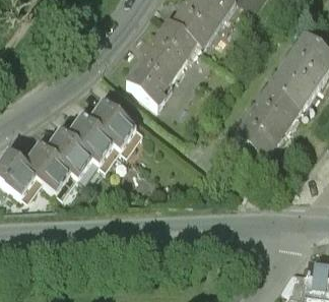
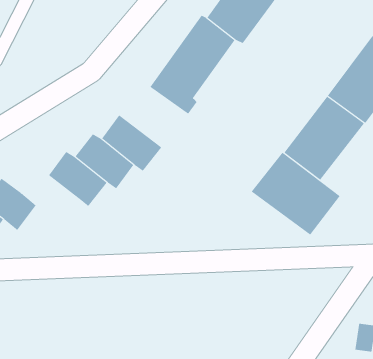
building: none -> [251,152,340,236]
building: [23,147,71,192] -> none

